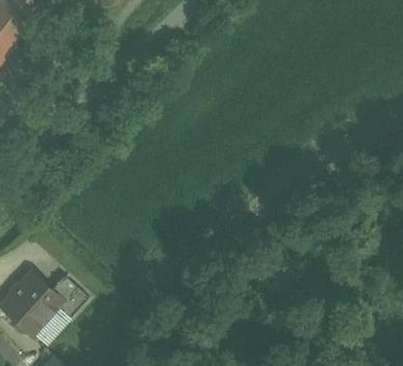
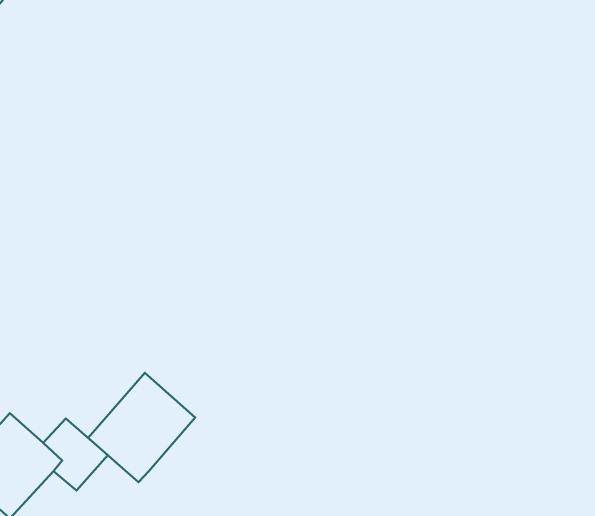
building: none -> [88,373,195,482]

